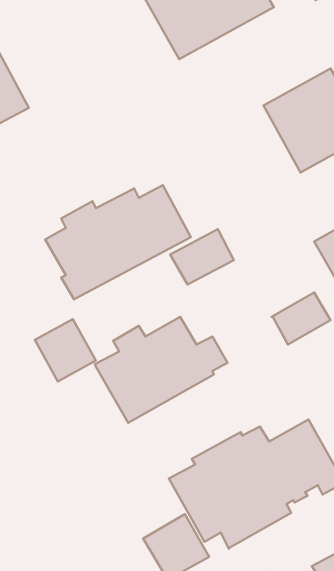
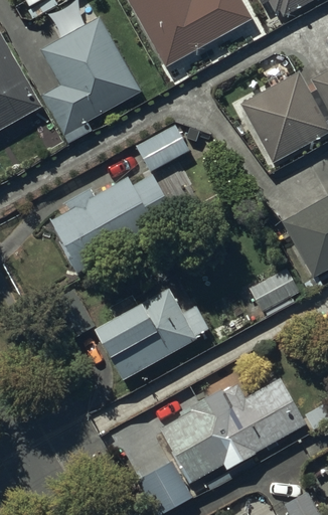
building: none -> [44,20,139,141]
building: [170,229,234,285] -> [135,124,190,172]

